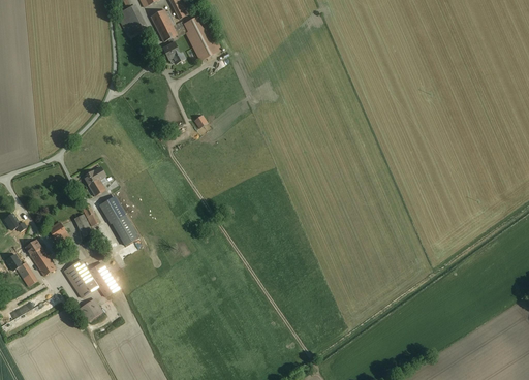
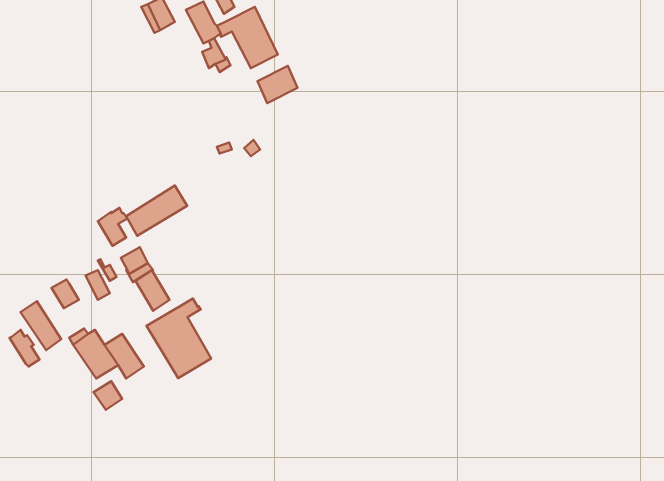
building: none -> [257,66,298,103]
building: none -> [126,185,187,236]
building: none -> [146,299,211,378]

